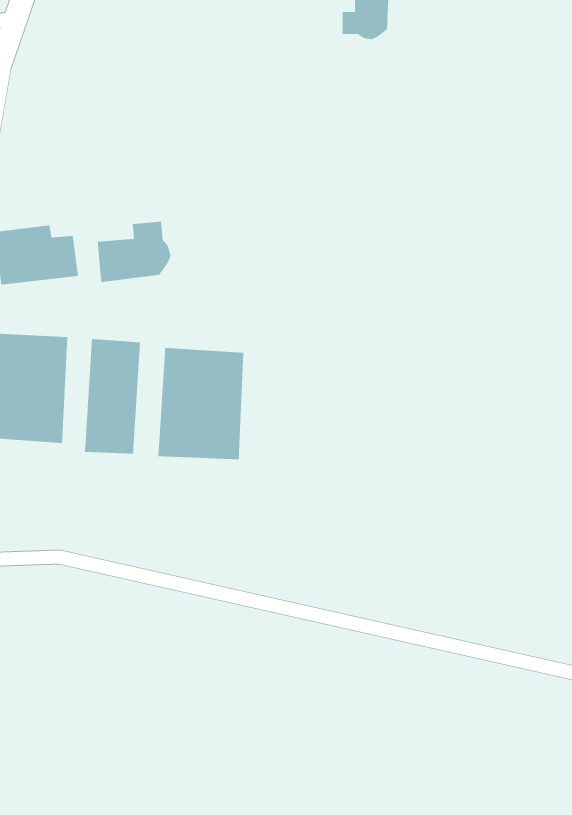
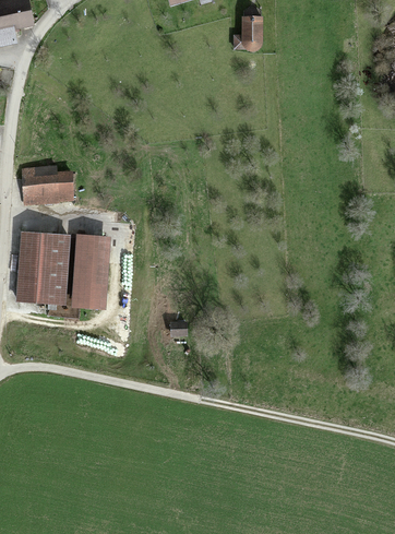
building: [97,221,171,283] -> none
building: [158,347,244,460] -> none

